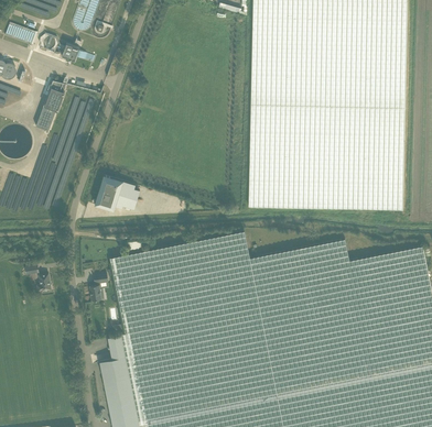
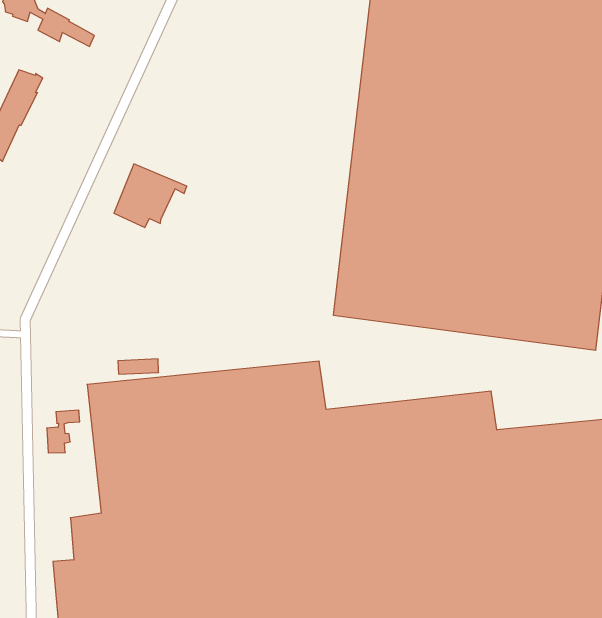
building: [95,175,136,211] -> [114,164,187,228]

